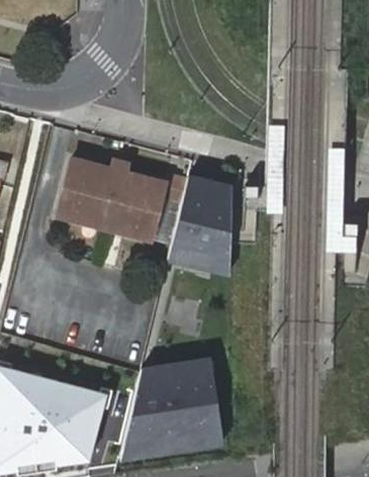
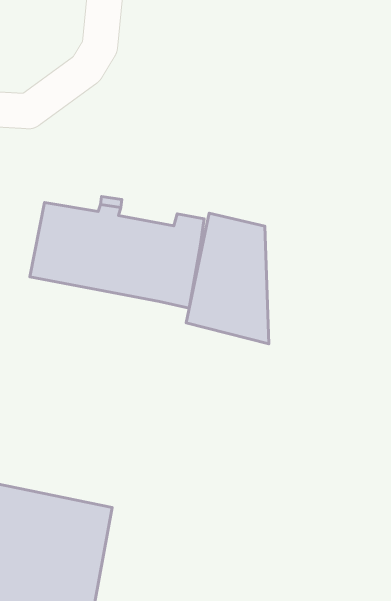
building: [120,361,223,454] -> none

